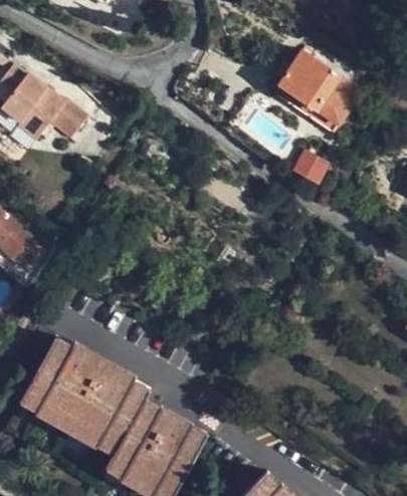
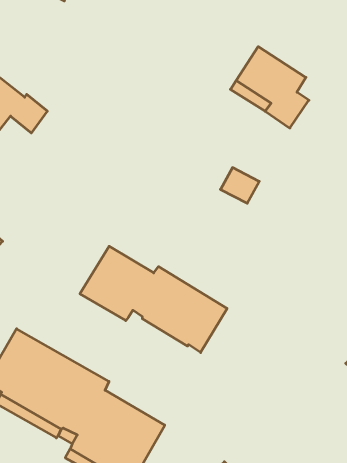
building: [290,149,330,185] -> [220,168,259,203]
building: none -> [80,246,227,353]

